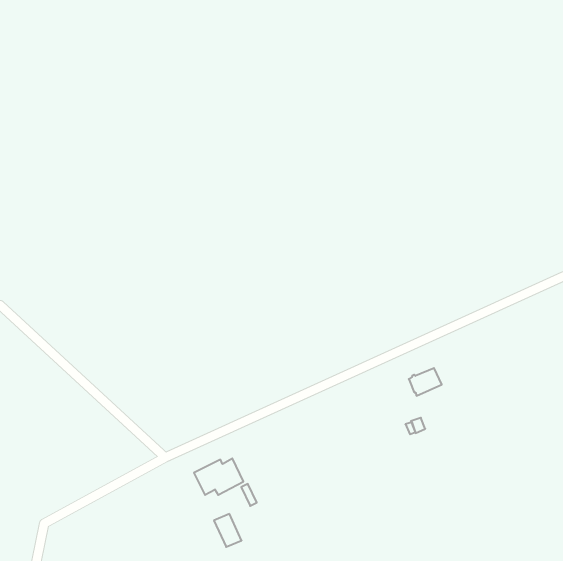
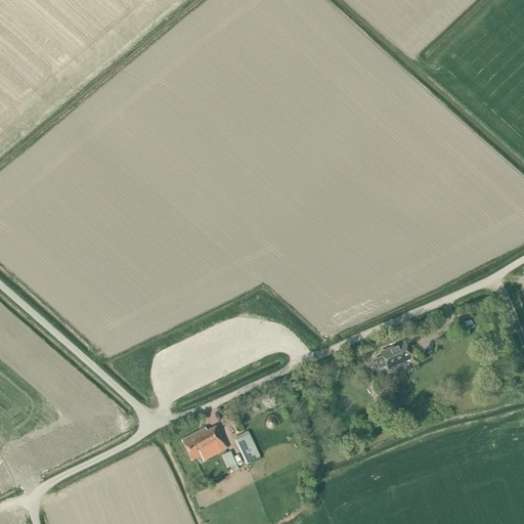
building: [214,514,242,547] -> [234,432,260,463]

